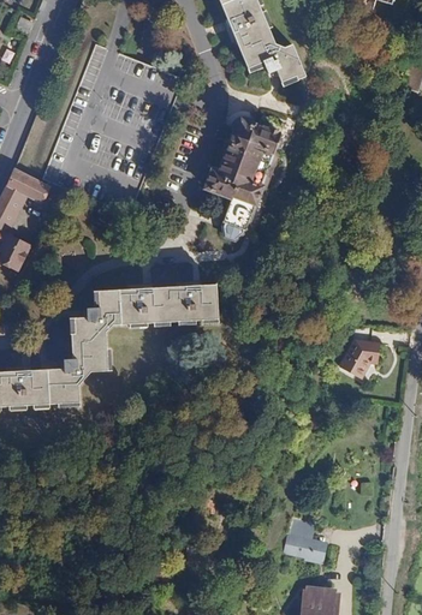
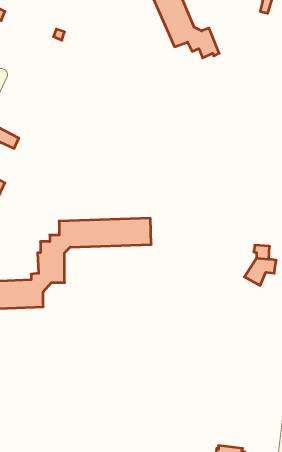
building: [206,123,281,240] -> none
building: [283,519,327,563] -> none

